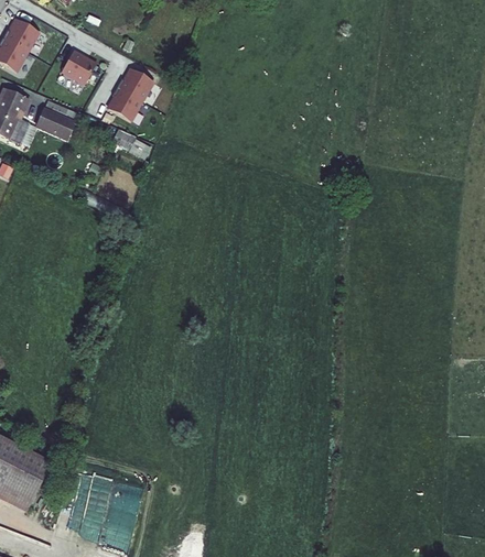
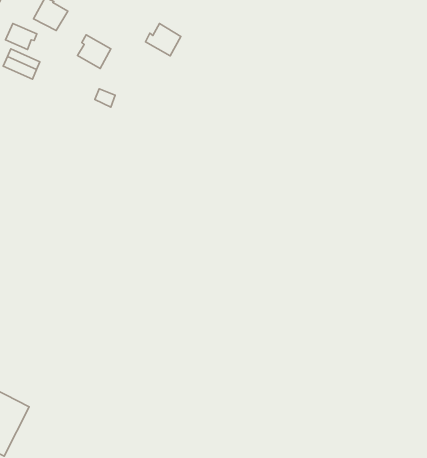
building: [117,66,153,99] -> [145,24,181,56]
building: none -> [5,23,37,49]

